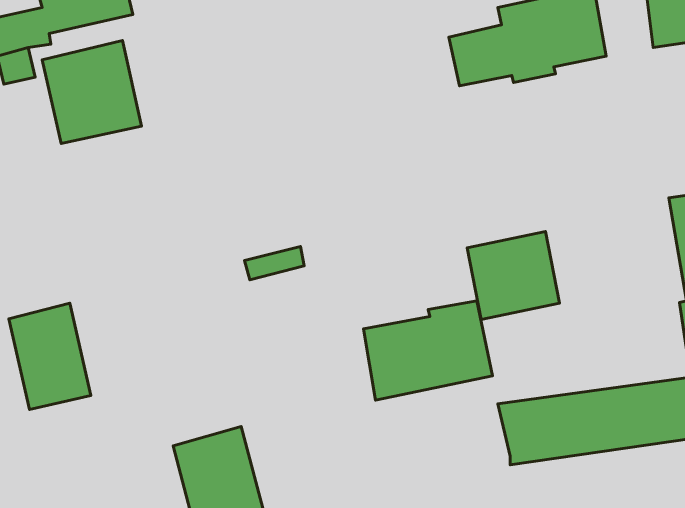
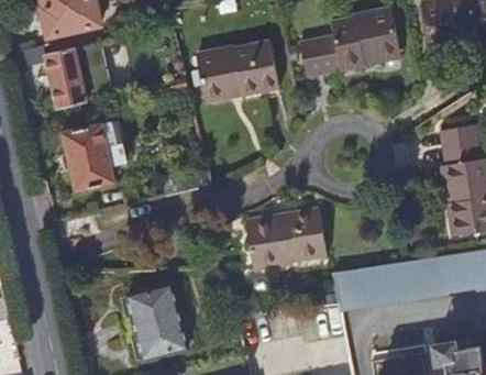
building: none -> [196,33,278,90]
building: [467,231,560,320] -> none
building: [9,303,91,410] -> [63,124,114,191]

